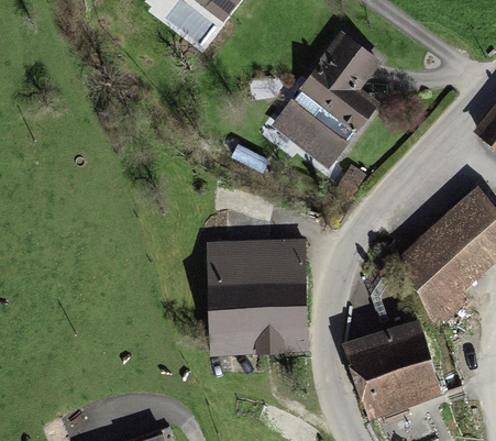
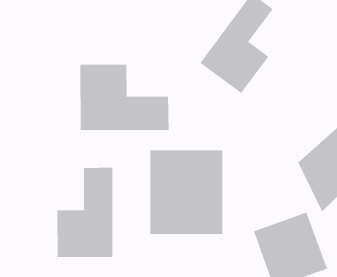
building: none -> [80,64,169,131]
building: none -> [57,167,113,258]

